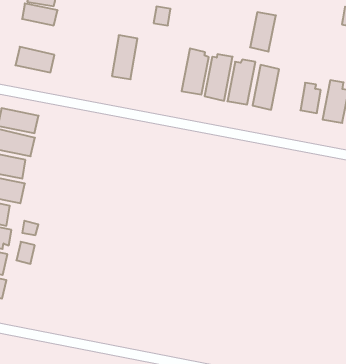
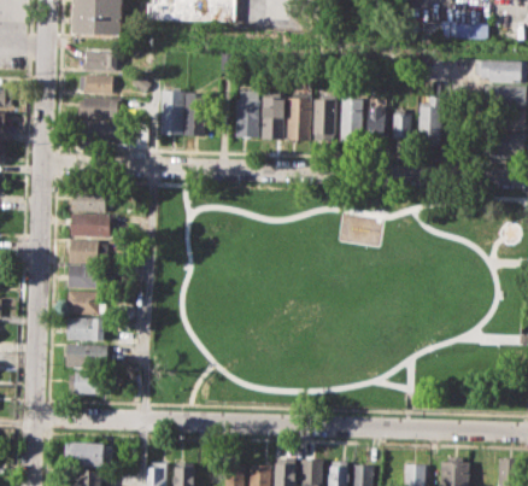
building: [250,12,276,52] -> [365,96,387,136]
building: none -> [78,95,121,119]
building: none -> [159,99,182,134]
building: none -> [235,90,259,136]

